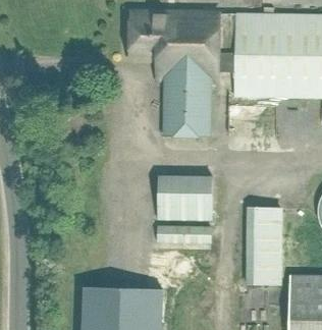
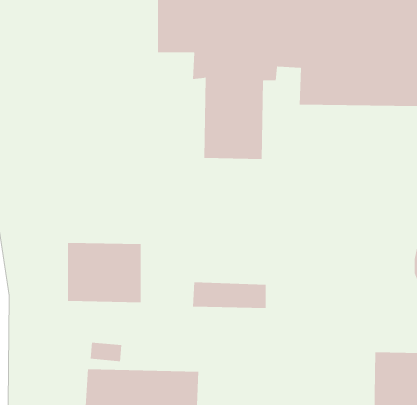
building: [158,175,212,219] -> [67,242,141,303]
building: [246,207,282,286] -> none

